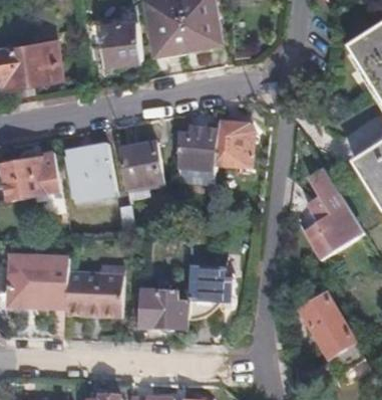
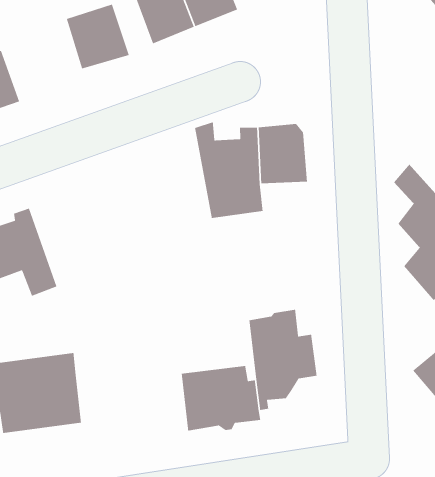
building: [119,143,161,197] -> none
building: [65,144,116,199] -> none
building: [64,271,119,317] -> none

